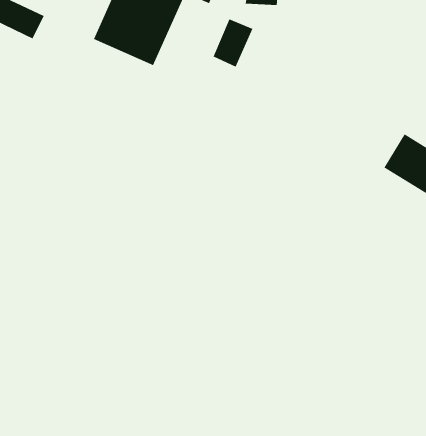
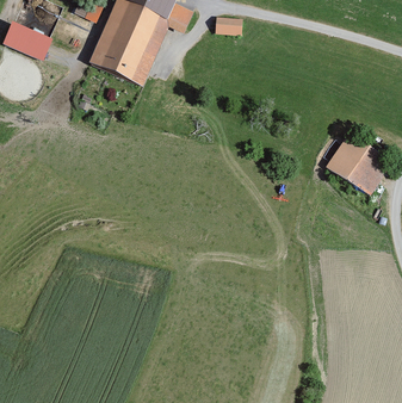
building: [213,18,253,68] -> none

